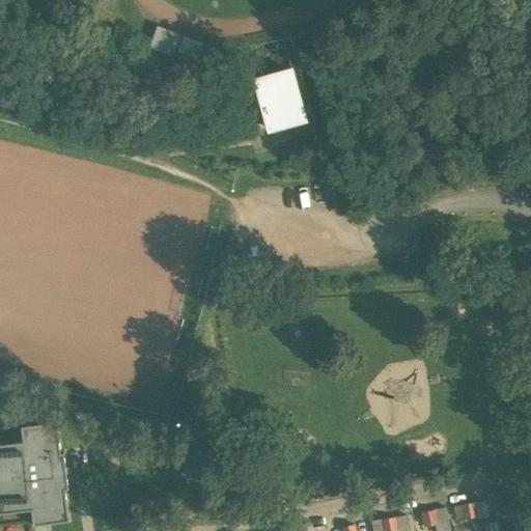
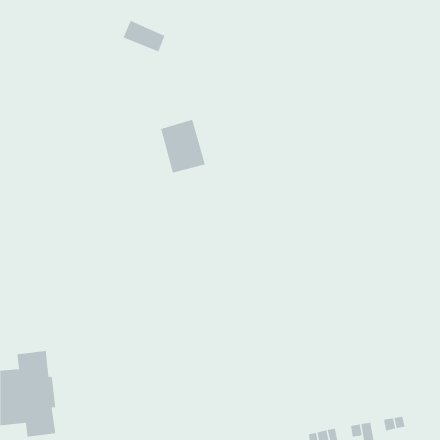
building: [252,67,307,133] -> [160,119,206,173]

